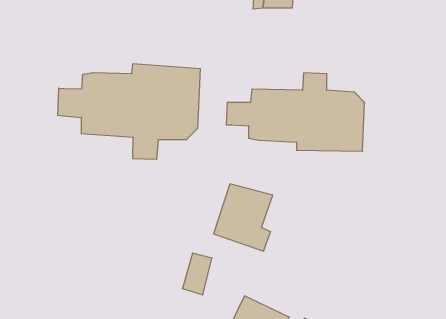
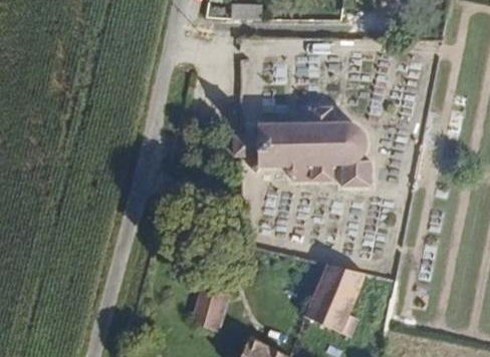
building: [58,64,200,160] -> none
building: [214,184,273,251] -> [306,262,364,328]

